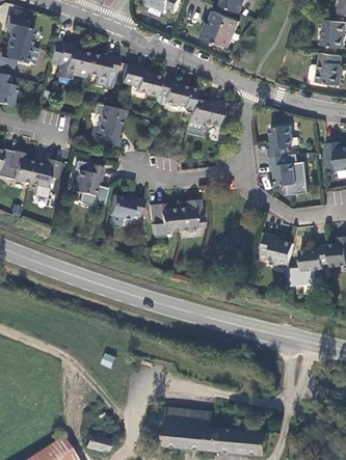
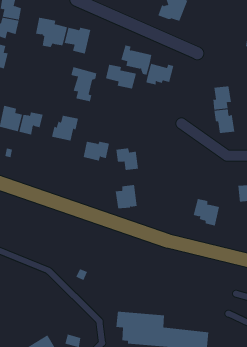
building: [119,64,159,96] -> [105,64,137,89]
building: [174,199,202,229] -> [115,185,137,209]
building: [260,234,293,268] -> [193,198,220,226]

